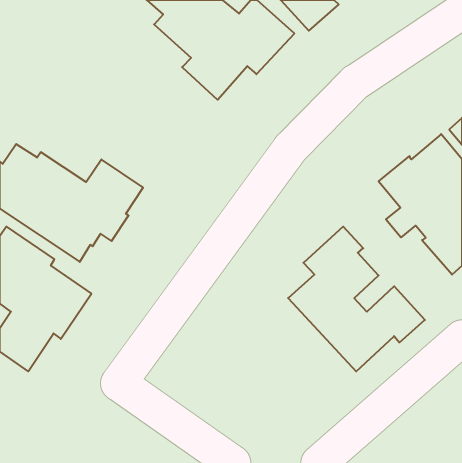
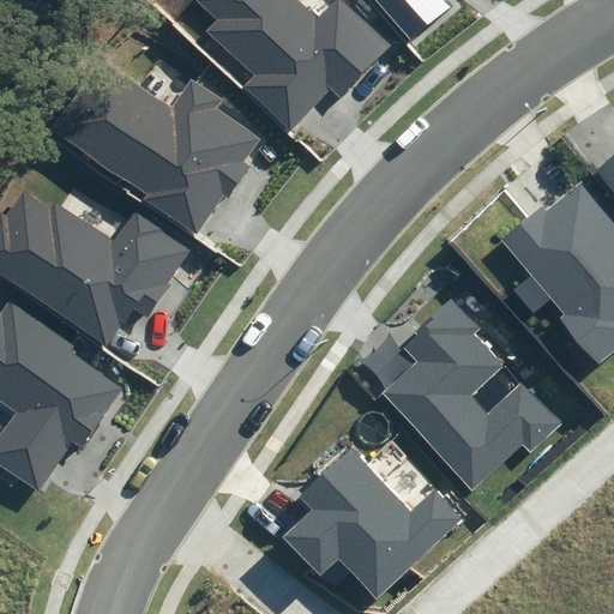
building: none -> [60,64,258,235]
building: none -> [283,449,459,598]

